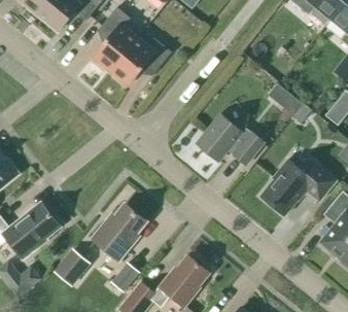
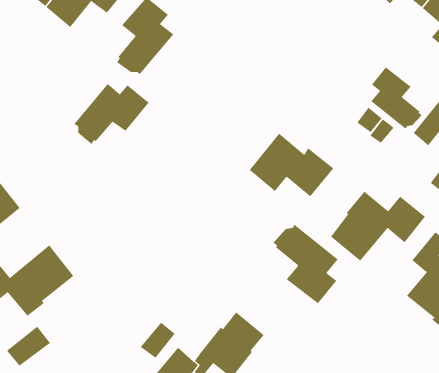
building: [111,37,171,85] -> [73,83,150,145]
building: none -> [370,67,422,129]
building: none -> [273,224,339,304]
building: [92,204,146,261] -> none
building: [54,248,91,286] -> none

